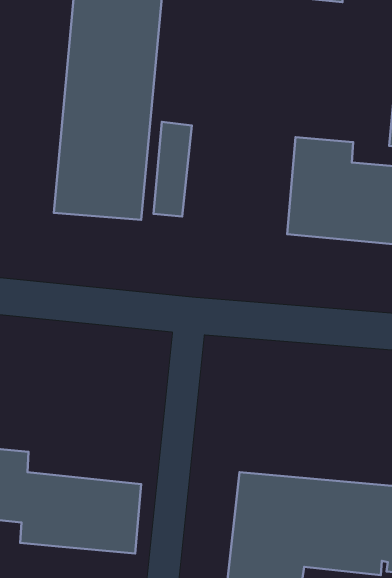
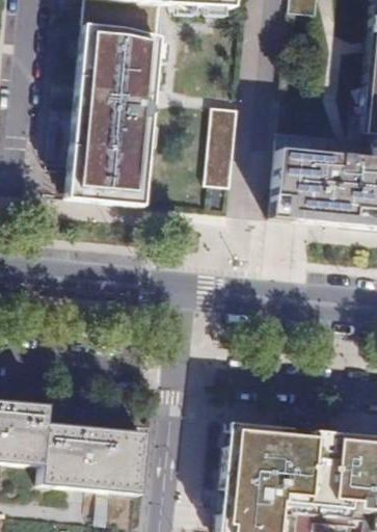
building: [154,122,192,216] -> [206,104,239,186]

